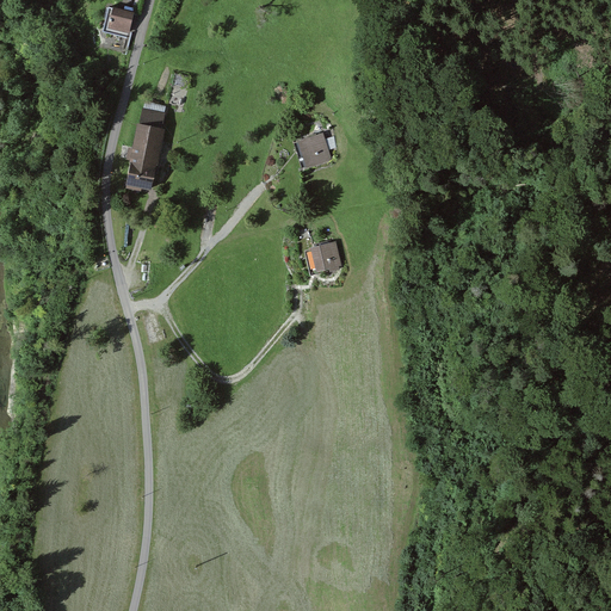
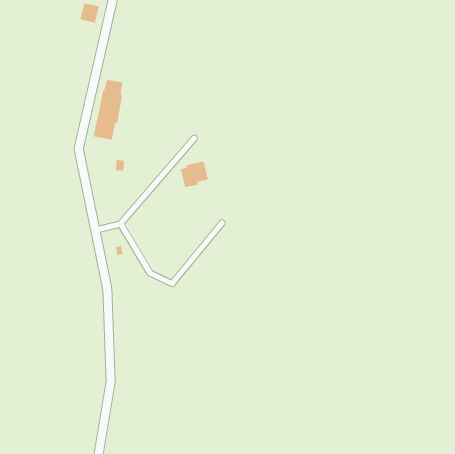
building: [298,134,333,168] -> none
building: [303,241,341,277] -> [180,161,209,188]

